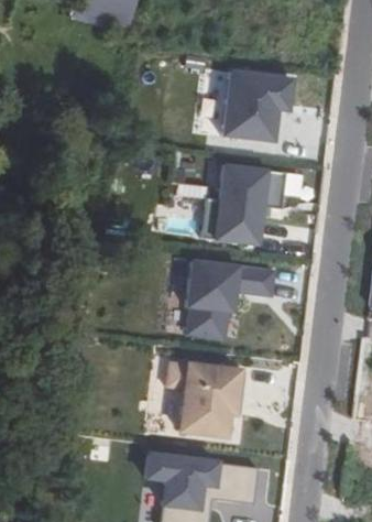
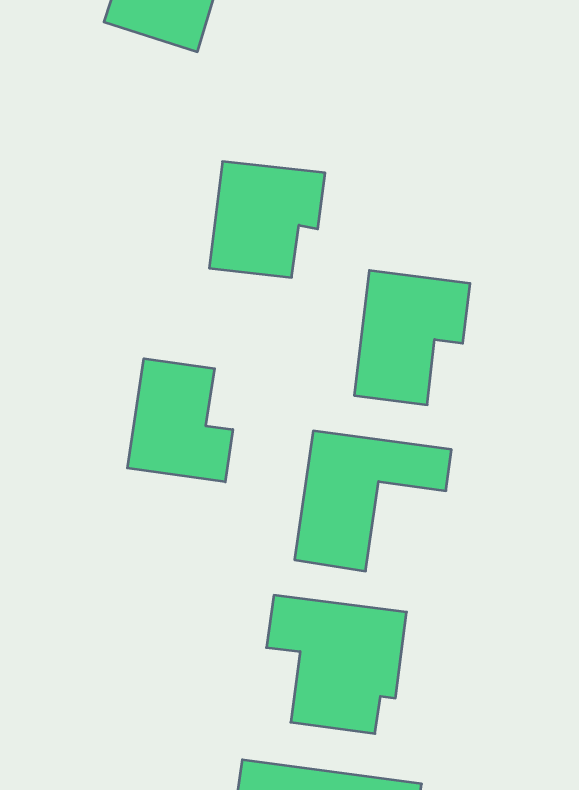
building: [225,70,293,139] -> [209,162,325,277]
building: none -> [127,359,233,482]

